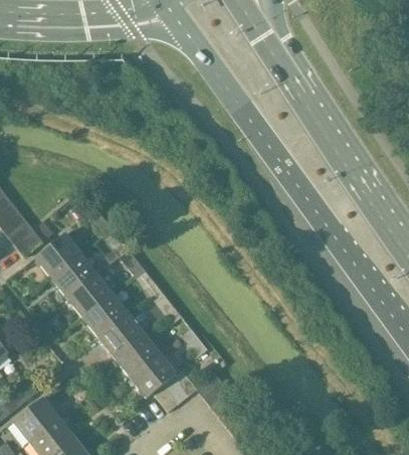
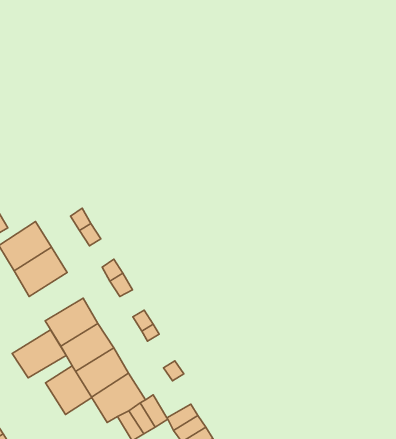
building: [66,273,113,316] -> [12,330,66,378]
building: none -> [46,366,92,415]

